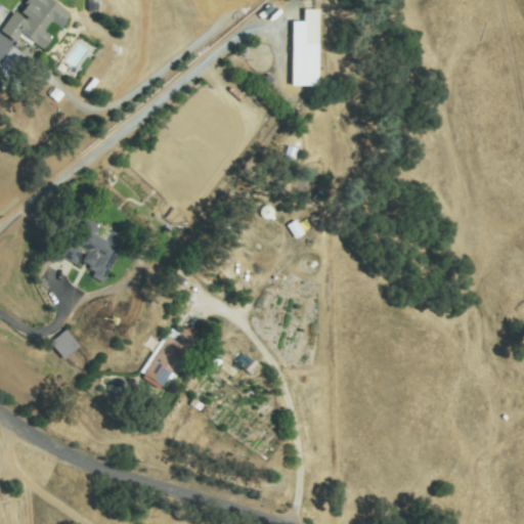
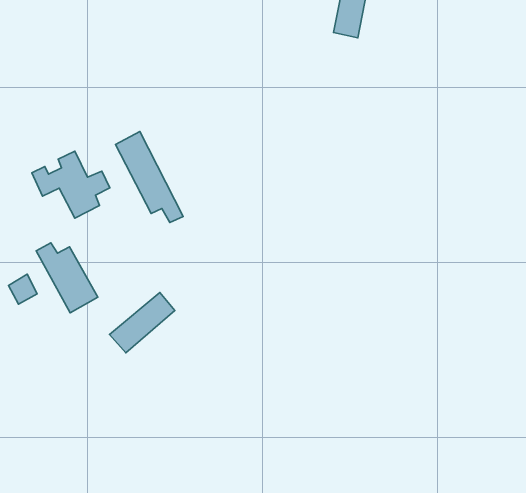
building: none -> [115,131,183,223]
building: none -> [36,243,98,313]

